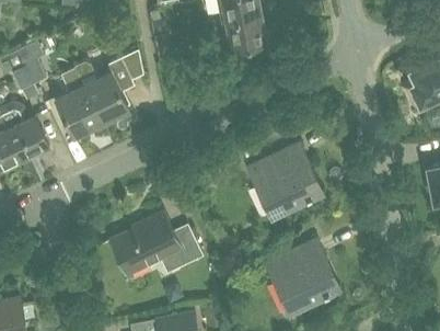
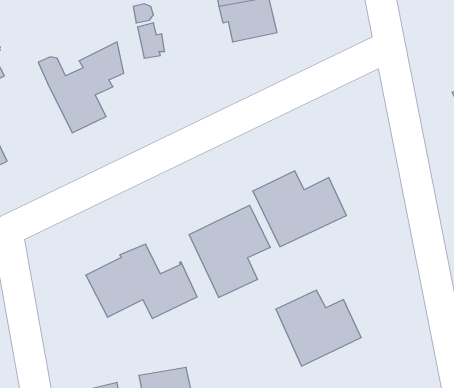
building: [55,83,102,137] -> none
building: none -> [189,205,270,298]

